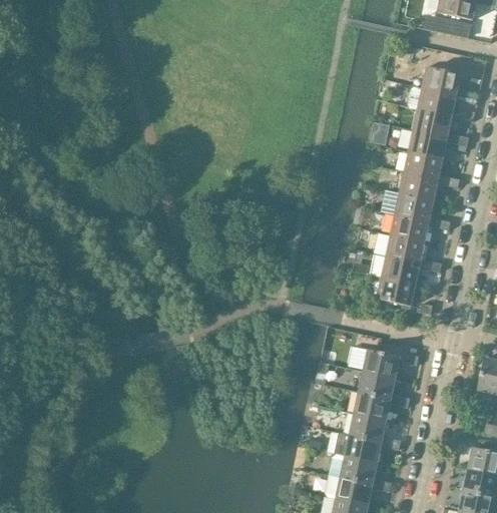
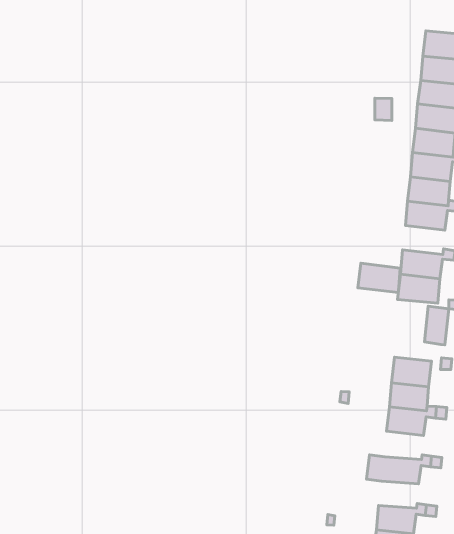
building: [385,235,424,265] -> [358,263,400,292]
building: none -> [424,306,449,345]
building: [350,414,386,442] -> none
building: [340,457,377,484] -> none

